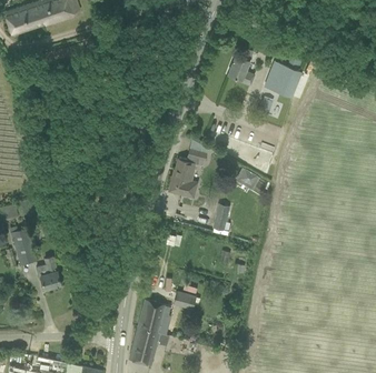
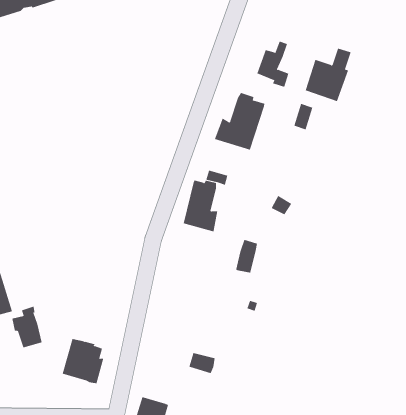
building: none -> [214,92,265,151]
building: [138,299,171,334] -> [62,338,104,384]

